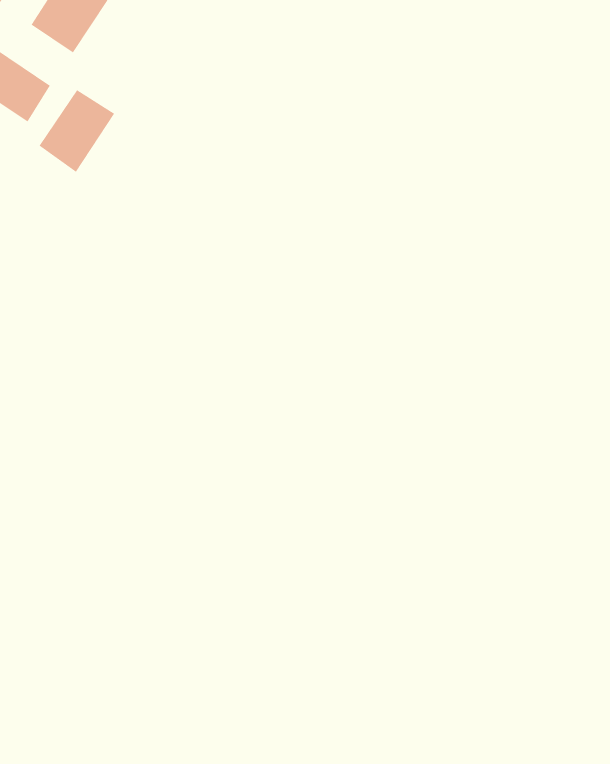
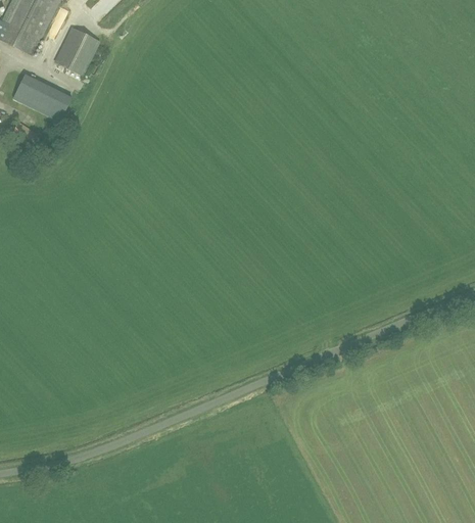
building: [39,89,115,173] -> none

